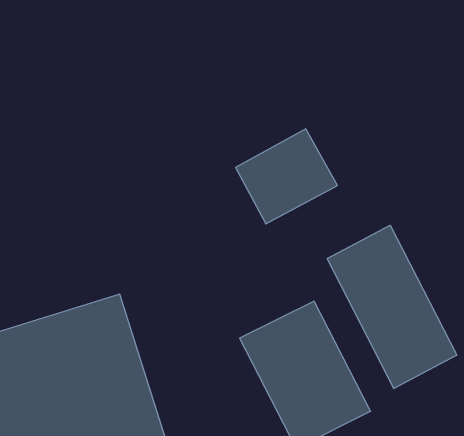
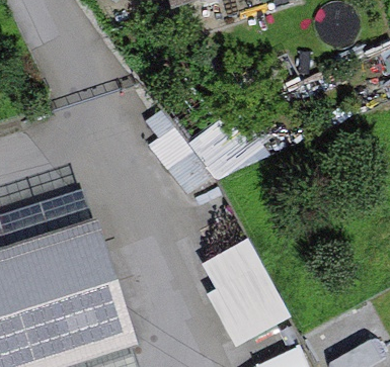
building: [327,225,457,389] -> none

